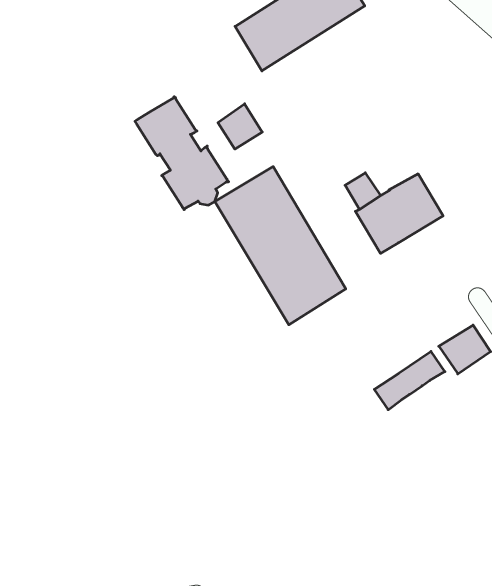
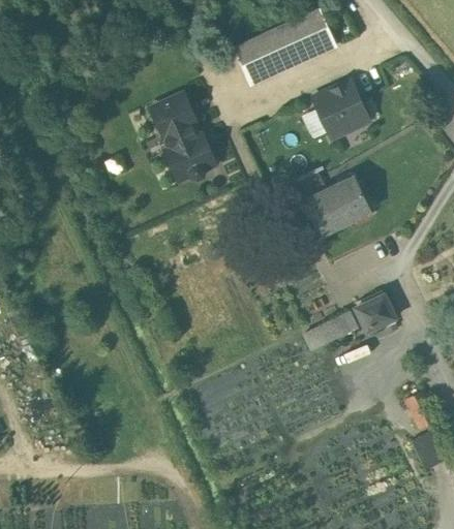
building: none -> [312,81,367,137]
building: [218,104,262,149] -> none
building: [215,167,346,325] -> none

